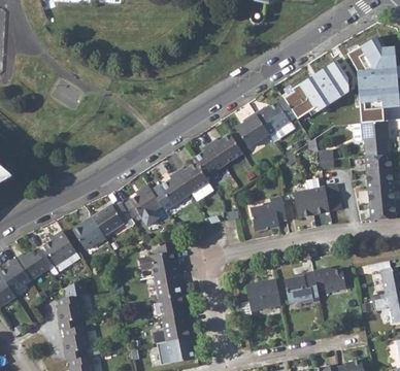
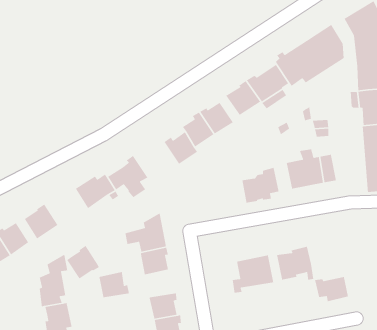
building: [161,171,191,205] -> none
building: [73,215,105,248] -> [66,245,100,279]
building: [313,267,346,292] -> [314,276,349,302]
building: [159,293,189,318] -> [99,271,130,298]

